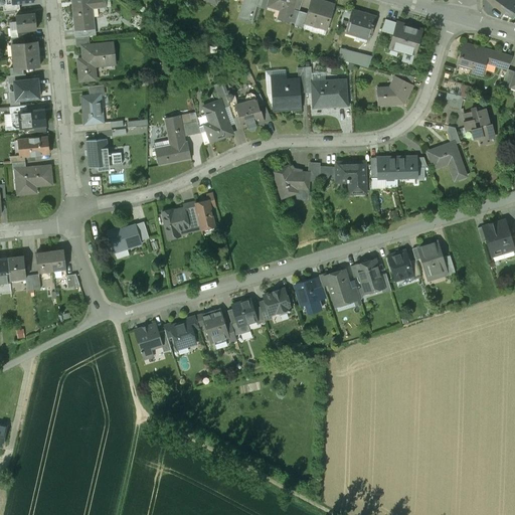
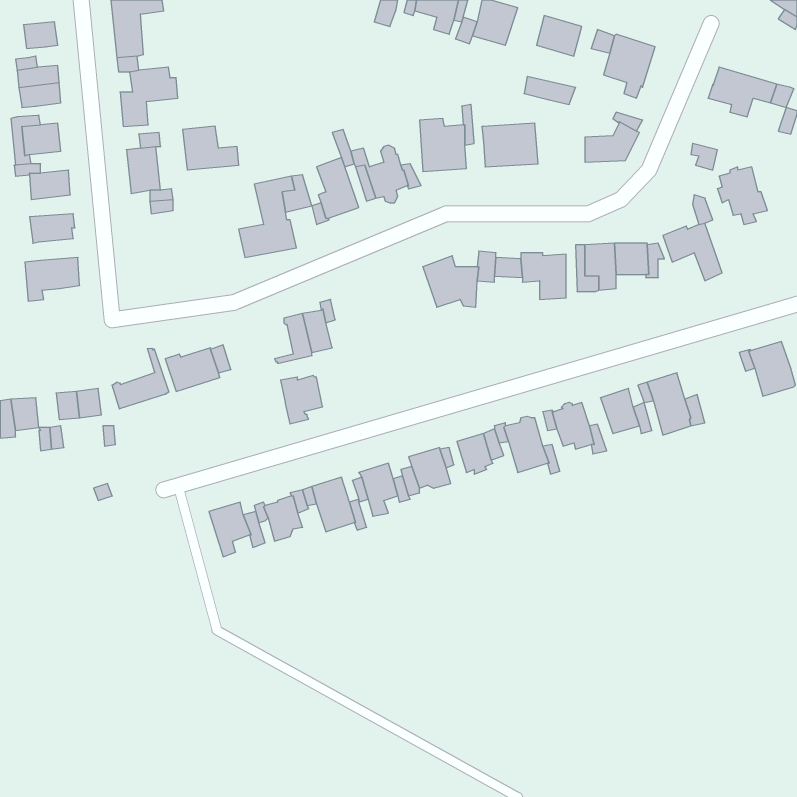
building: [85,139,122,167] -> [183,126,239,170]
building: [162,208,189,239] -> [281,375,323,424]
building: none -> [112,348,169,409]

